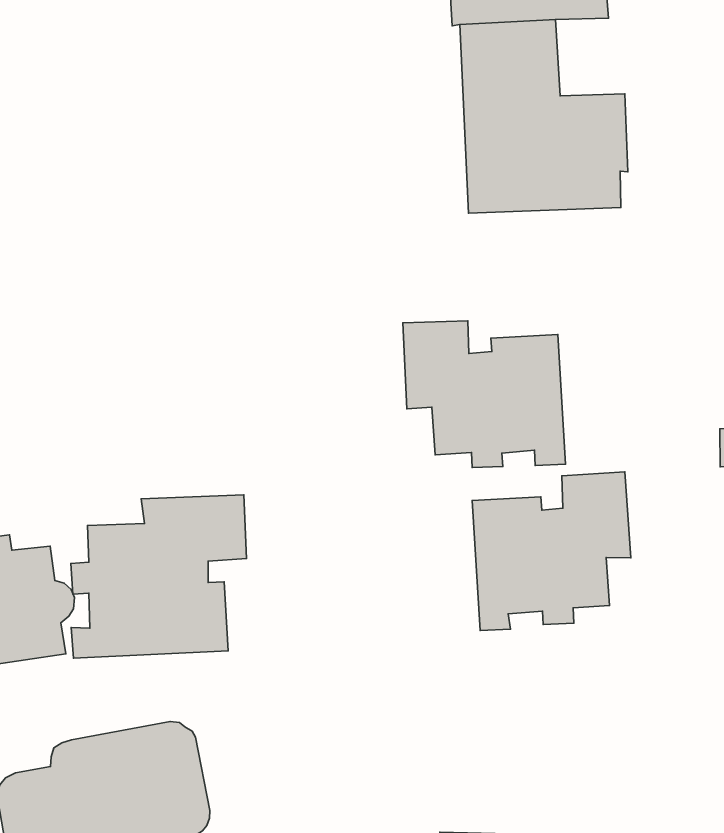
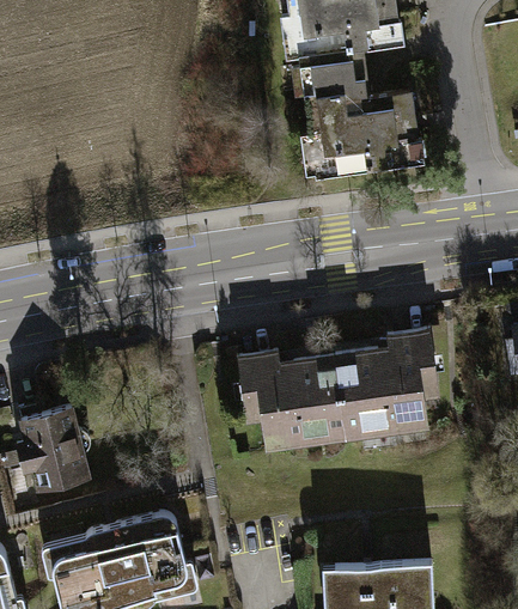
building: [403,321,566,468] -> [237,353,347,445]
building: [71,495,247,658] -> none

